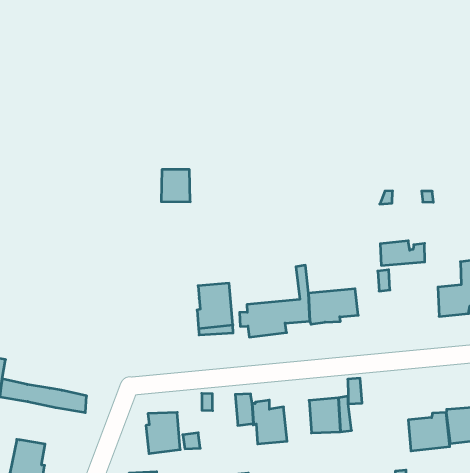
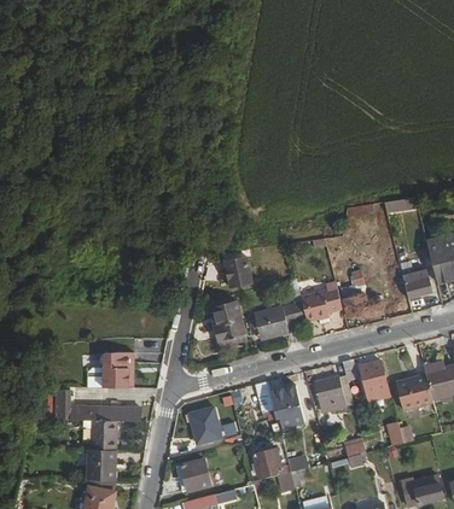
building: [161,170,190,202] -> [226,256,252,285]
building: [380,241,425,265] -> [343,293,380,316]
building: none -> [103,356,134,391]
building: none -> [360,359,390,394]
building: none -> [92,420,116,451]

